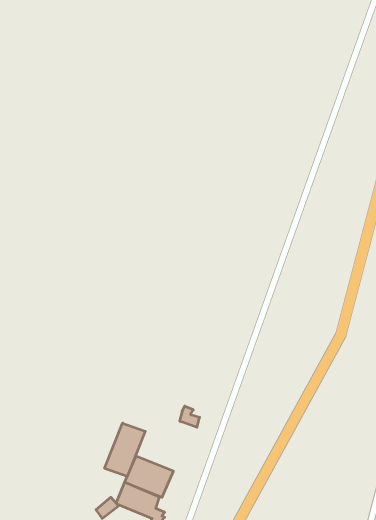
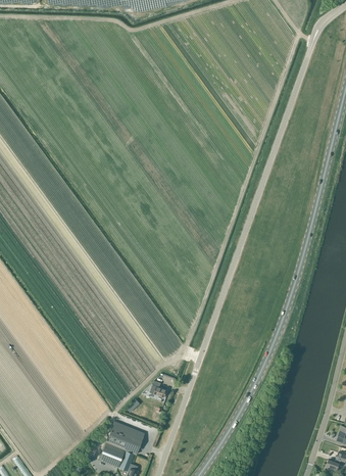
building: [105,423,145,476] -> none

